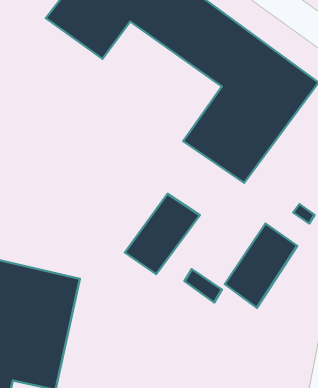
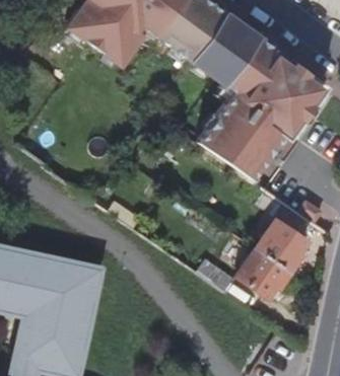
building: [125,194,200,274] -> none

